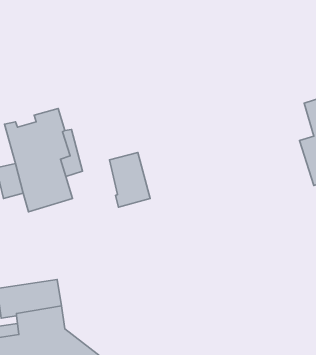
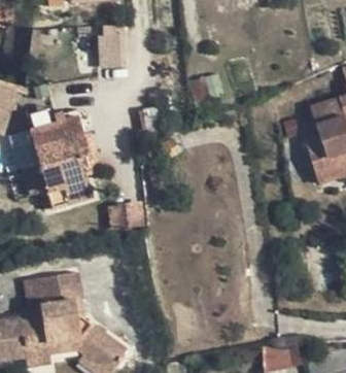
building: none -> [99,23,122,65]
building: [109,152,150,207] -> none

